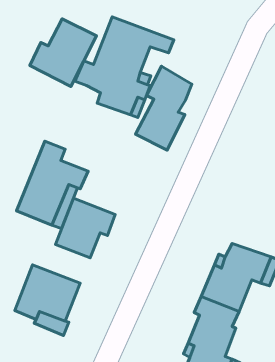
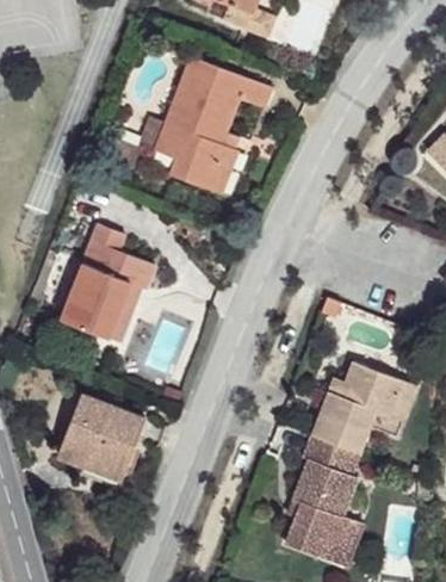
building: [30,19,97,86] -> none
building: [136,66,192,150] -> none
building: [56,198,115,258] -> none

